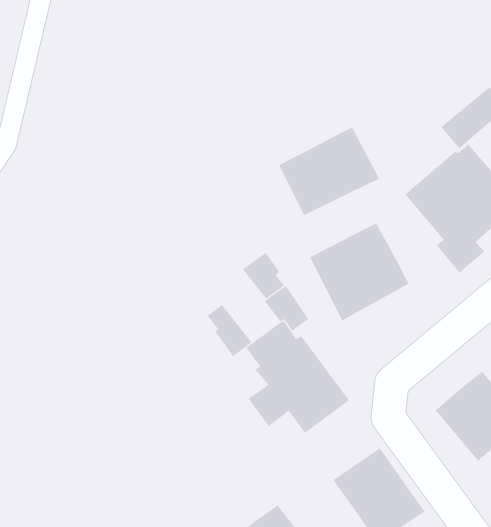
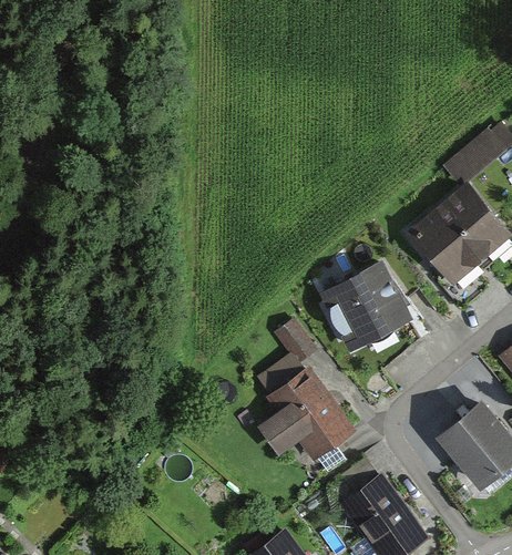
building: [279,127,380,216] -> none
building: [242,252,285,300] -> none
building: [207,304,252,357] -> none

